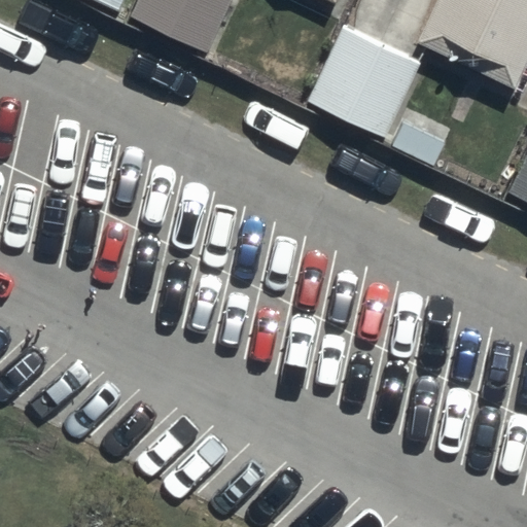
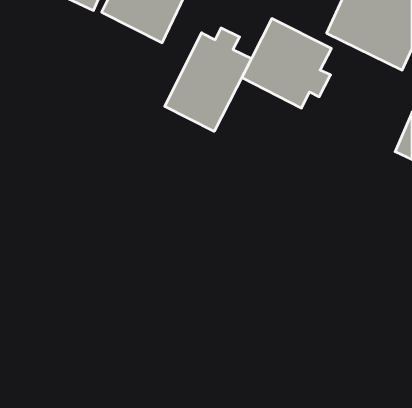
building: none -> [165,28,251,131]

